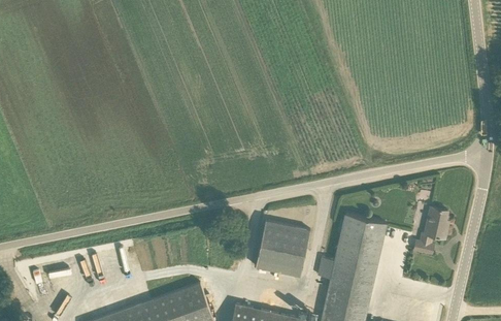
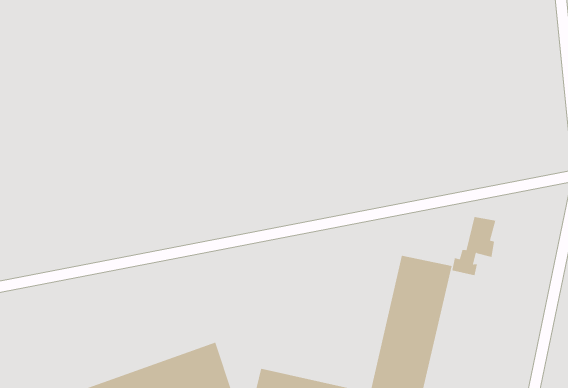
building: [412,208,447,255] -> [451,217,496,276]
building: [255,222,309,278] -> none

